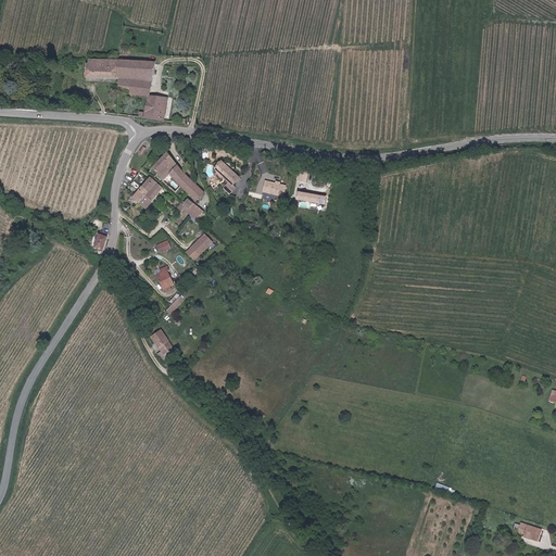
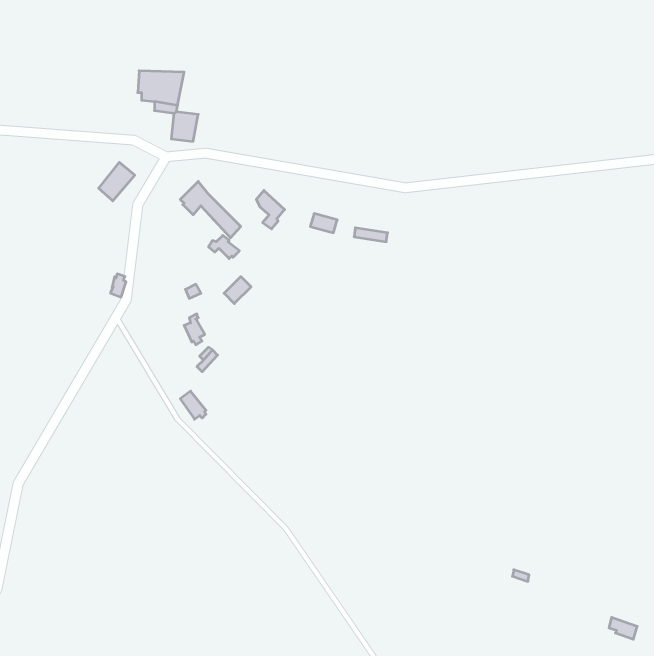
building: [86,58,117,78] -> none
building: [132,176,163,208] -> [99,162,135,201]

